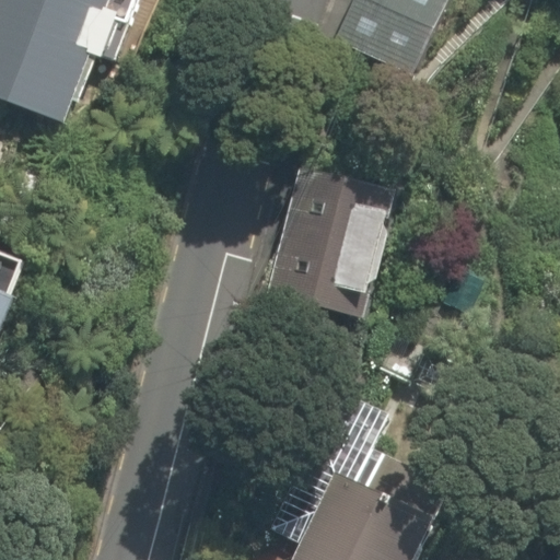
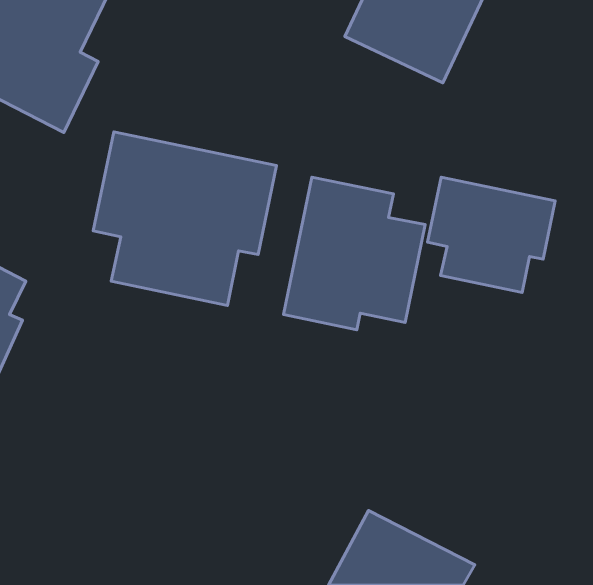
building: none -> [93,132,276,305]
building: none -> [427,177,555,292]

